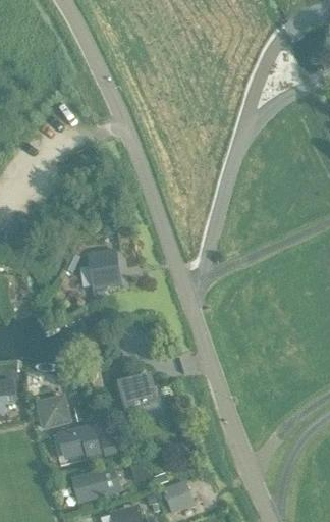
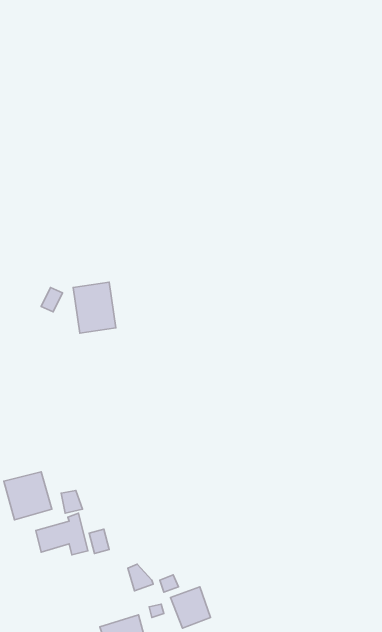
building: [119,375,155,411] -> none
building: [75,469,120,501] -> none

